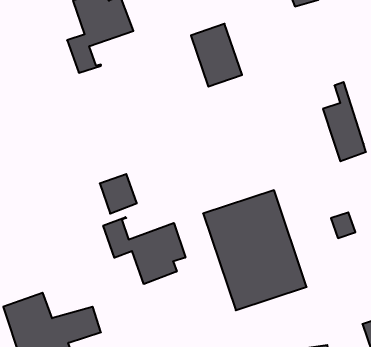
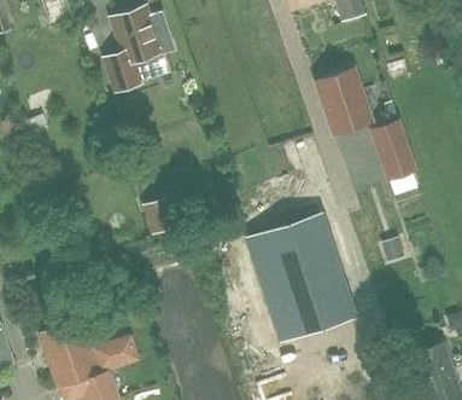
building: [191,24,242,87] -> [317,69,370,134]
building: [103,217,185,284] -> none

